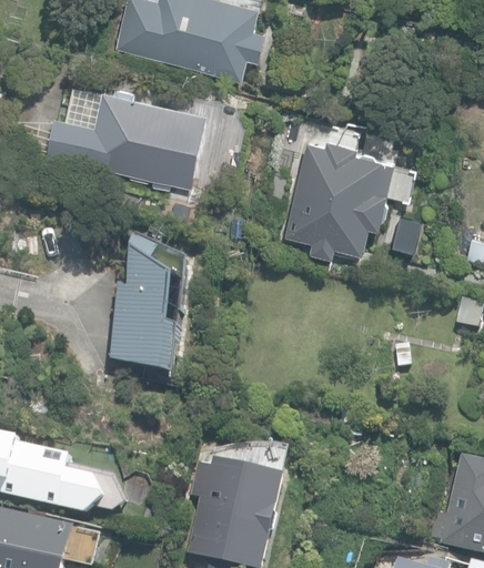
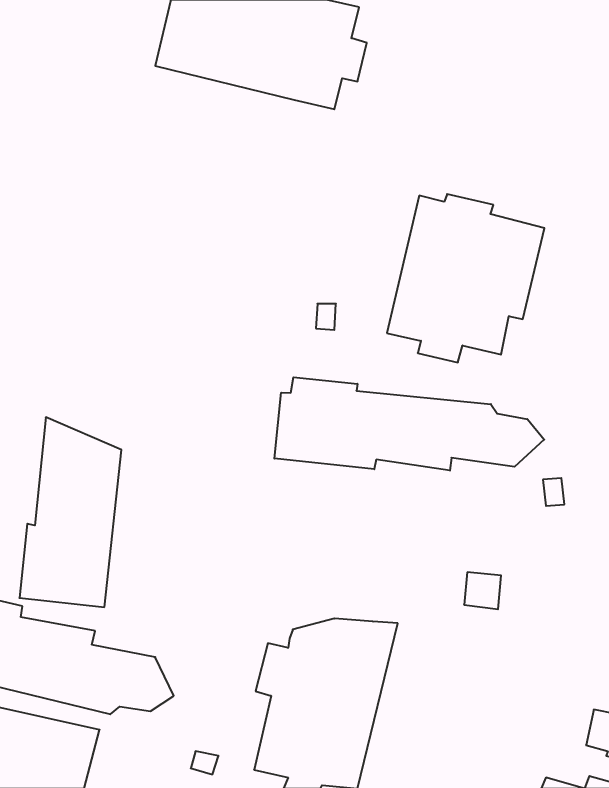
building: [41,92,209,190] -> none
building: [111,235,184,372] -> [19,417,121,607]
building: none -> [274,377,544,471]

